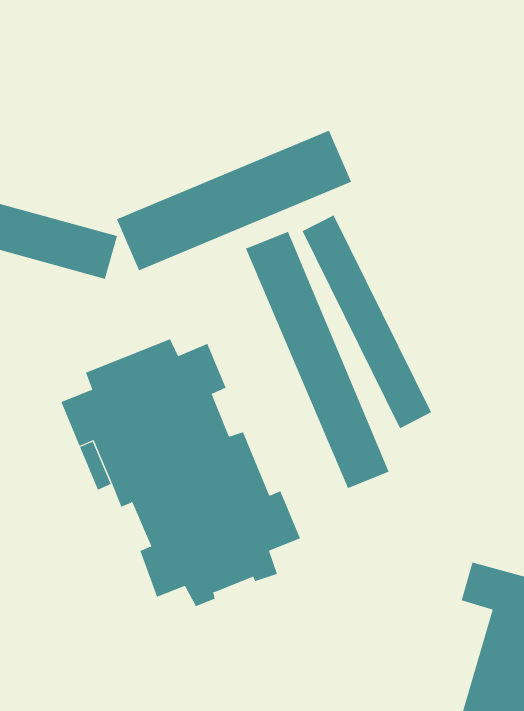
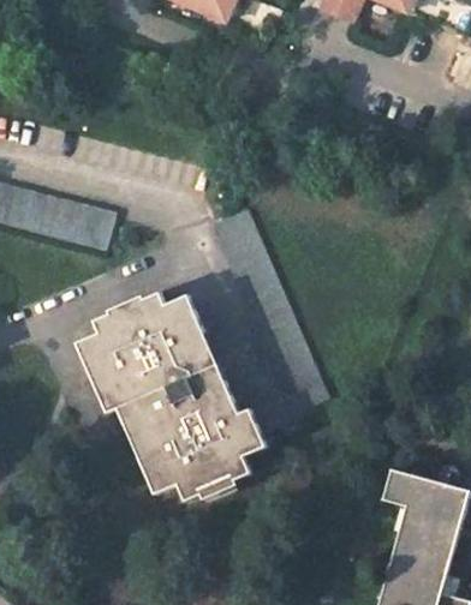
building: [116,130,352,271] -> none
building: [302,214,432,429] -> none

